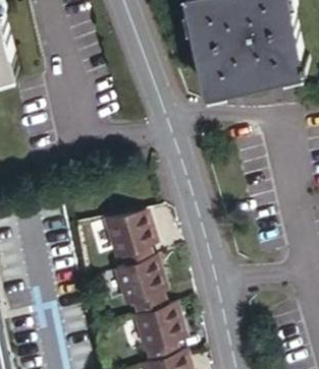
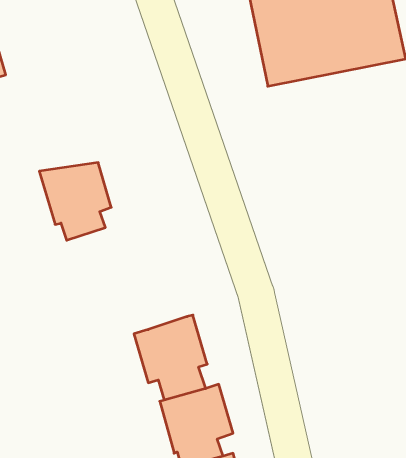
building: [106,208,157,263] -> [39,163,111,240]

